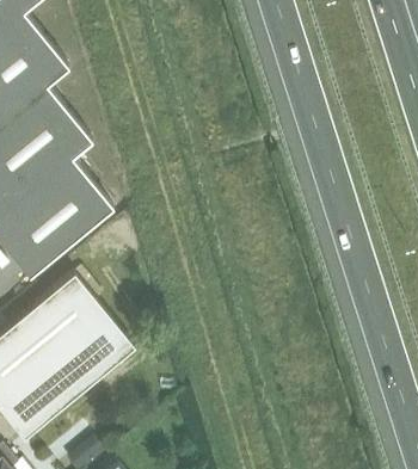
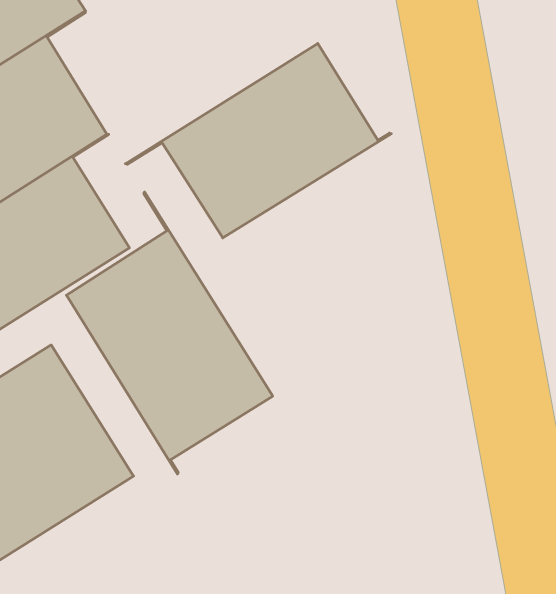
building: none -> [125,43,391,238]
building: none -> [66,192,273,474]

